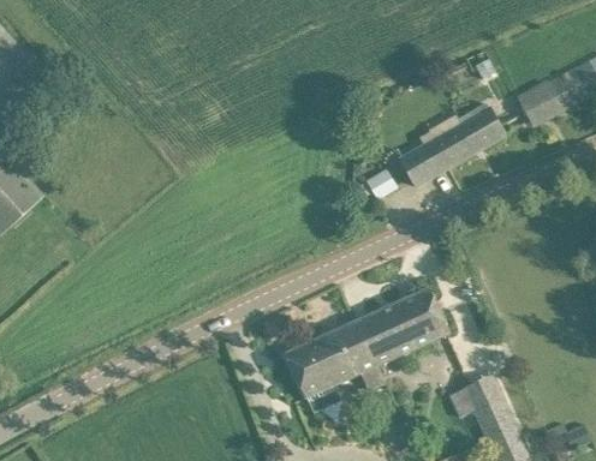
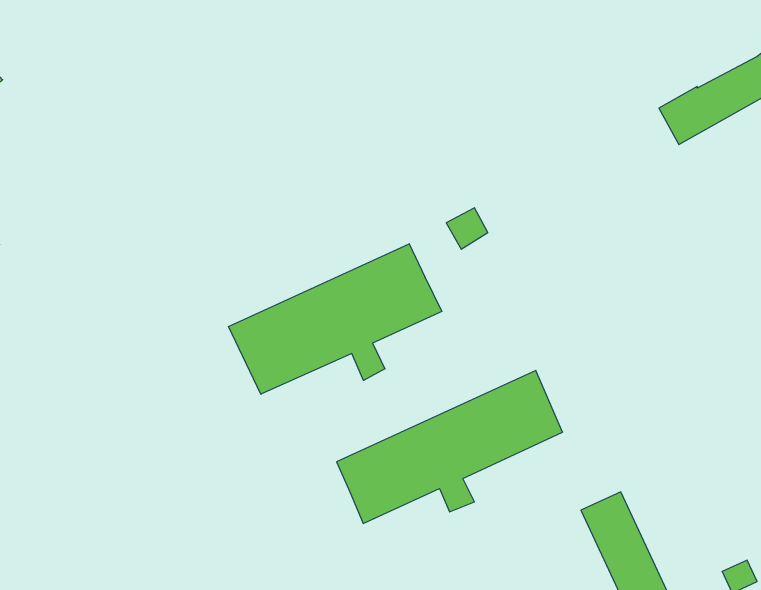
building: [399,102,502,186] -> none
building: none -> [228,244,442,394]

